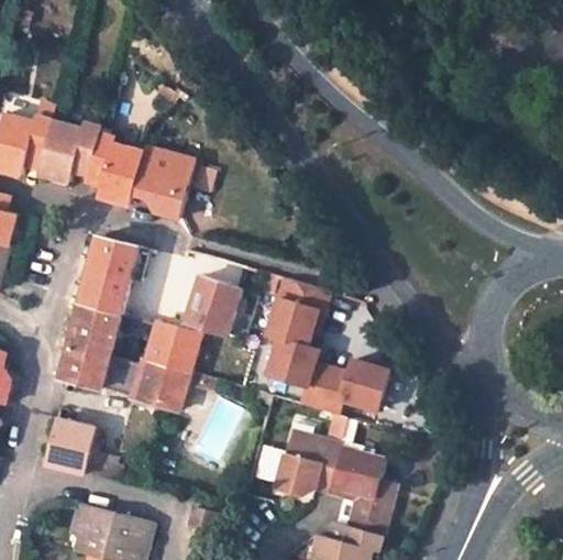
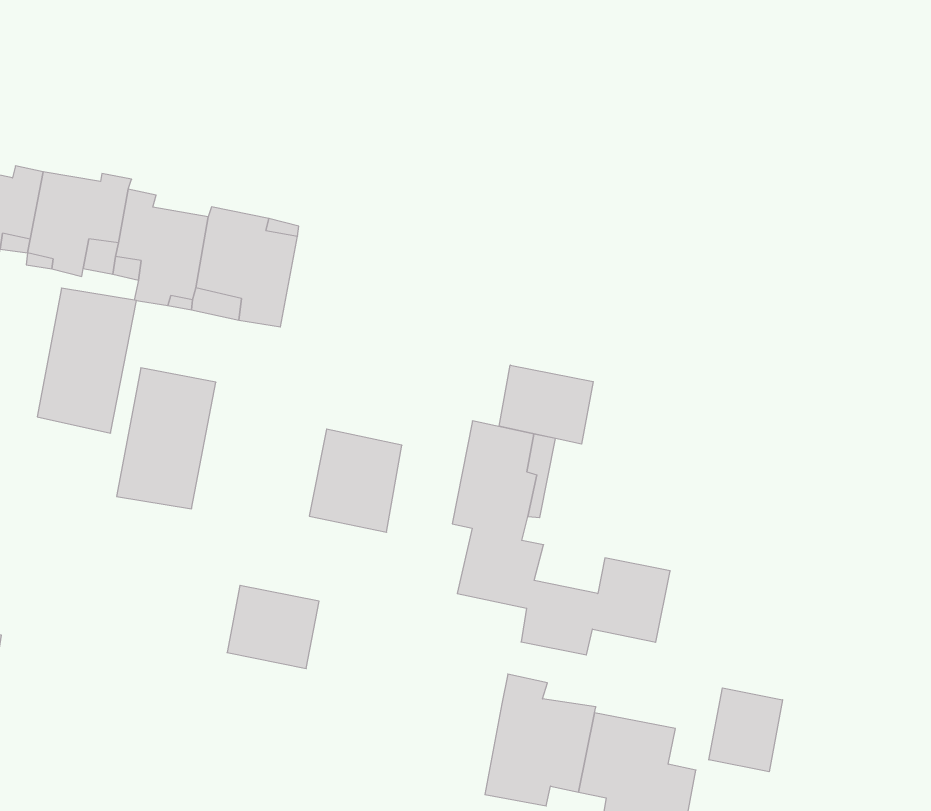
building: none -> [499,365,593,444]
building: [59,306,120,389] -> [37,288,136,433]
building: [144,322,198,373] -> none
building: [43,420,95,473] -> none
building: none -> [709,688,783,772]

